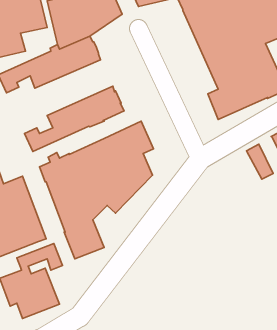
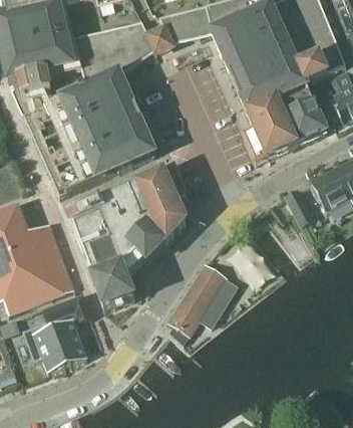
building: none -> [40,99,144,171]
building: none -> [172,262,237,333]

